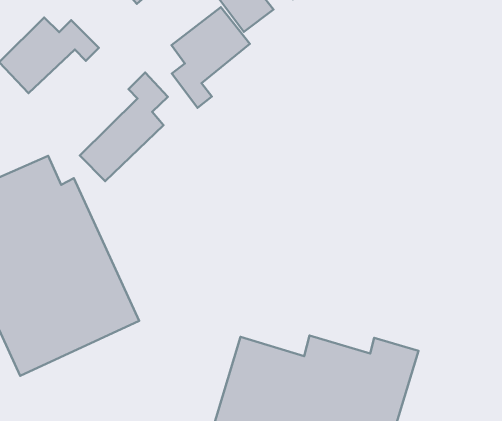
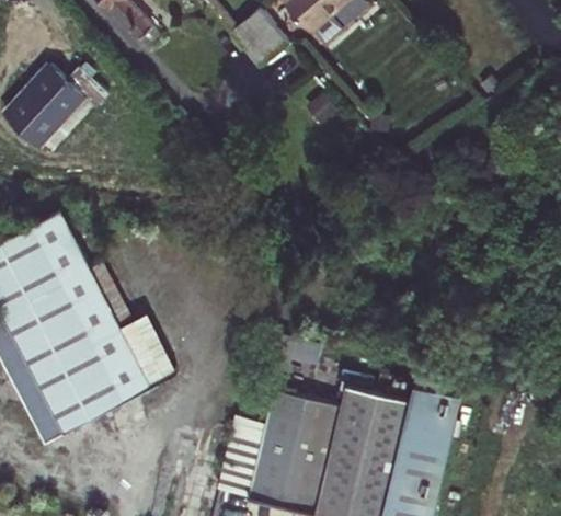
building: [171,7,250,108] -> none
building: [80,73,168,181] -> none

